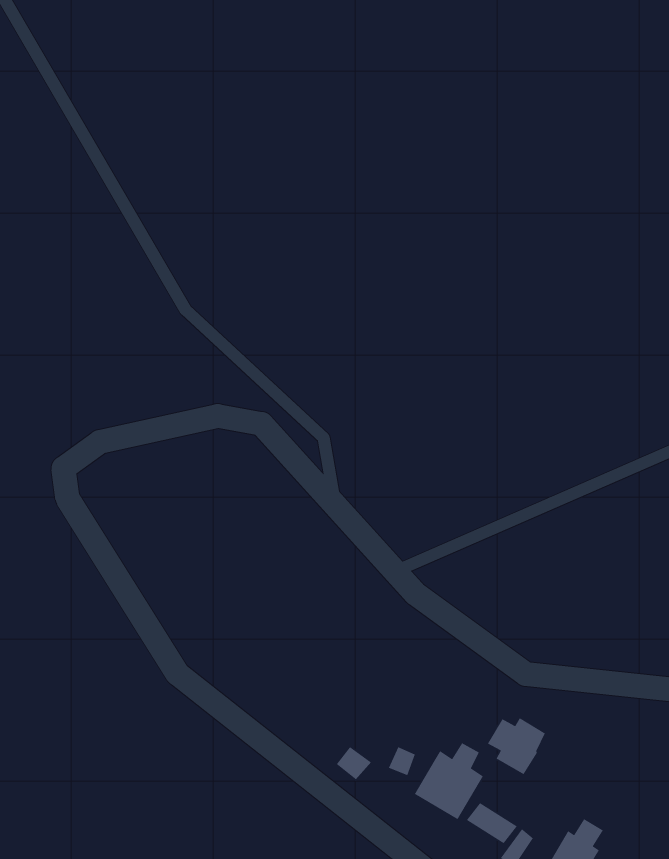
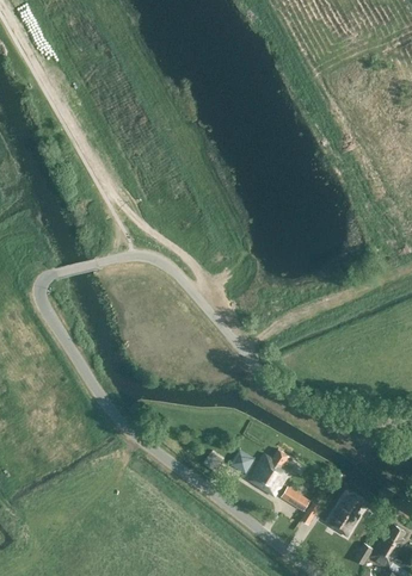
building: [487,717,546,775] -> none

